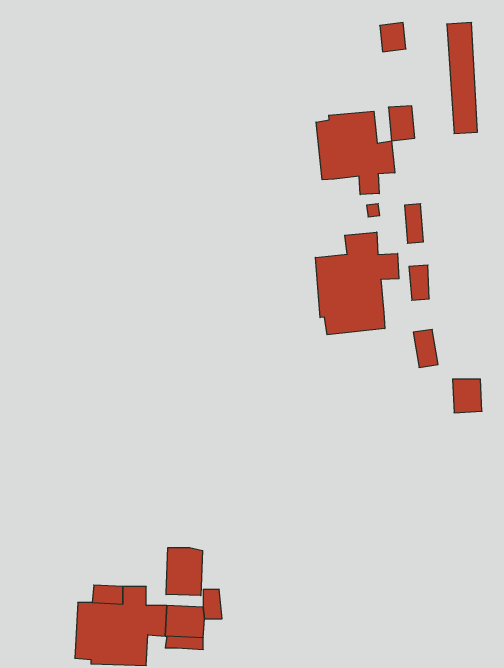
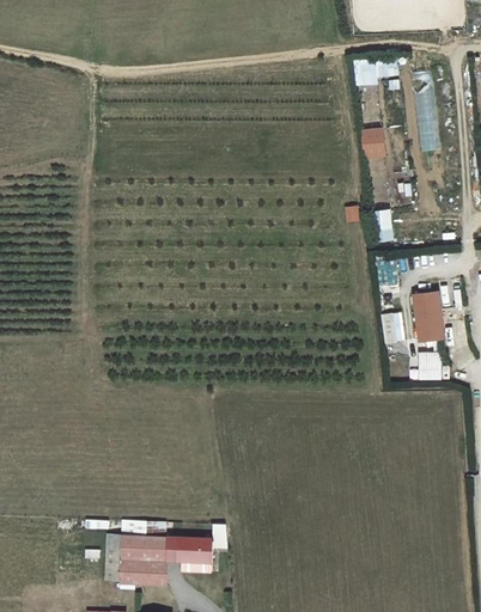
building: [316,111,395,195] -> none
building: [315,232,399,335] -> none
building: none -> [414,293,443,341]
building: [166,548,203,596] -> none

